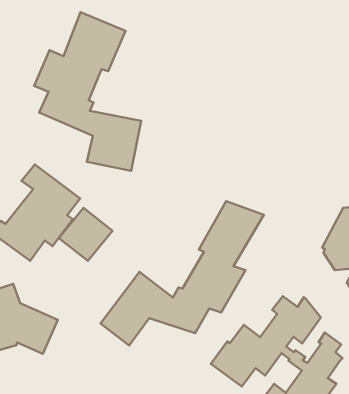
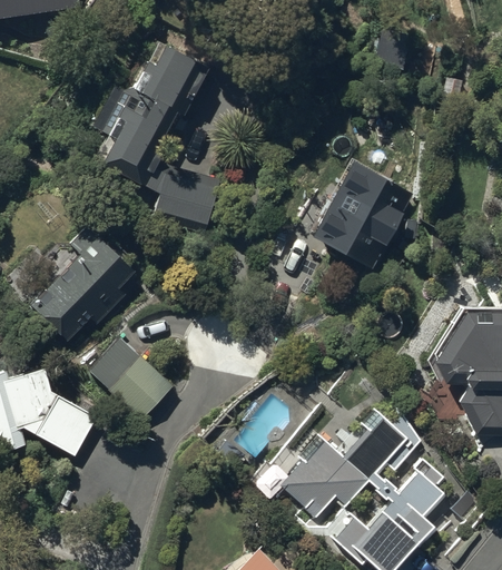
building: none -> [296,161,414,271]
building: [101,201,264,346] -> none
building: [59,208,113,261] -> [106,355,173,421]

